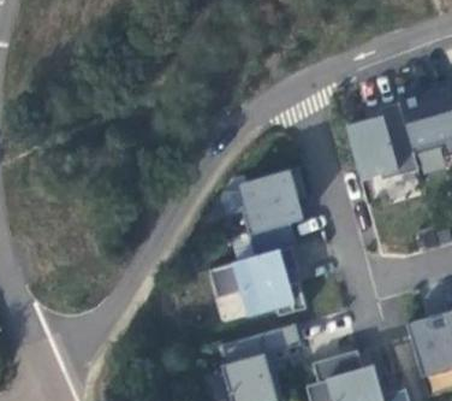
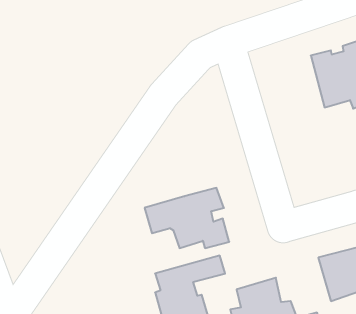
building: [344,101,417,179] -> none
building: [239,167,303,255] -> none

